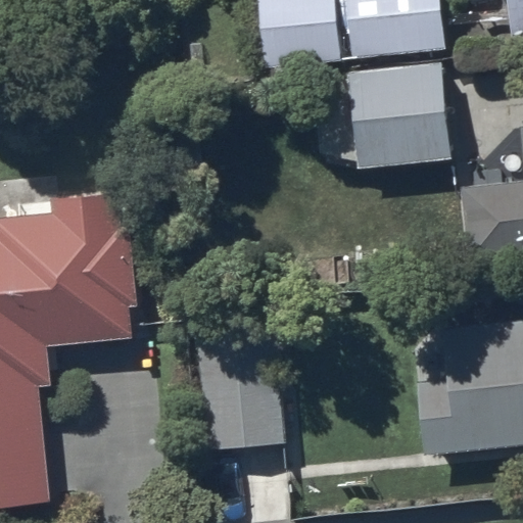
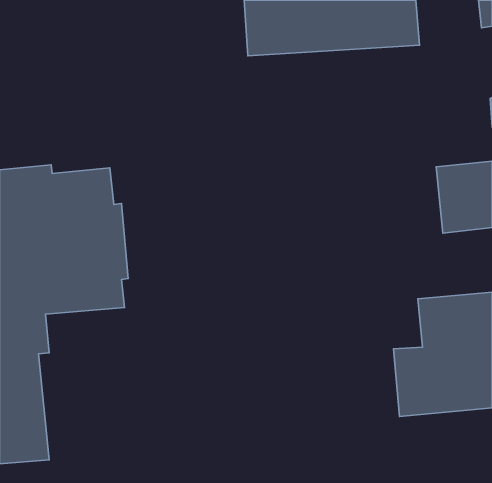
building: [316,62,449,170] -> none
building: [193,322,284,454] -> none

